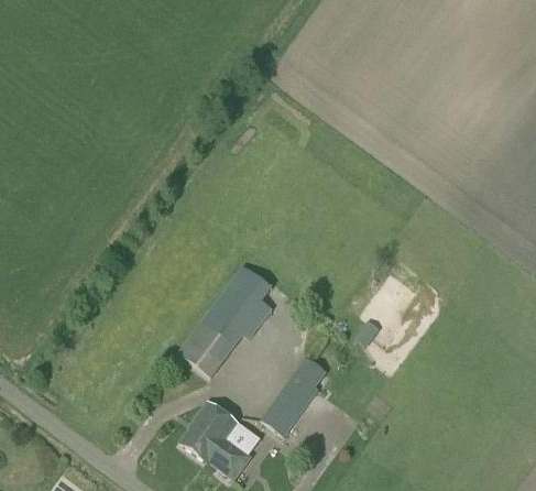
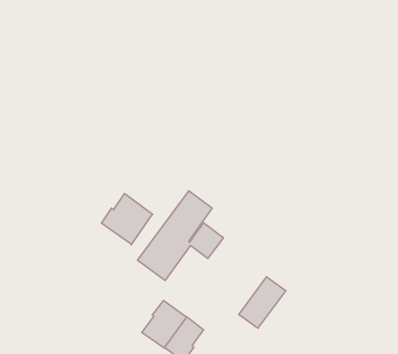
building: none -> [102,193,153,245]
building: [260,370,319,435] -> [239,277,286,328]

